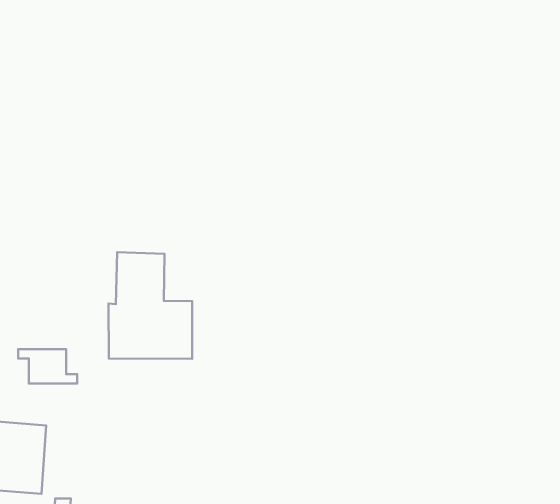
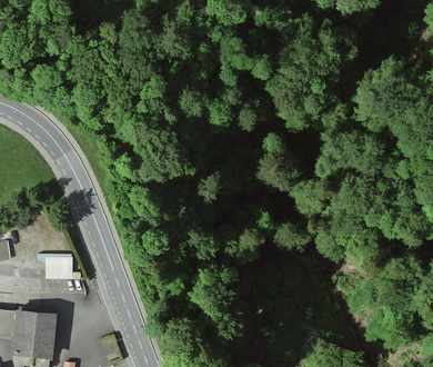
building: [108,252,192,359] -> none

